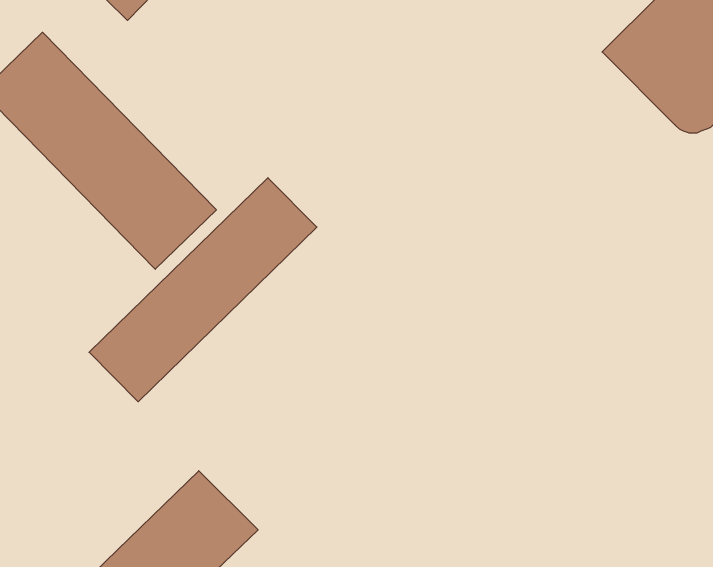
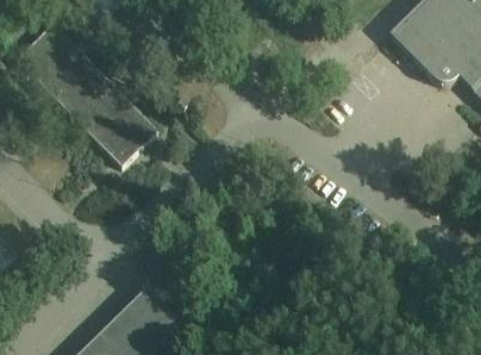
building: [89,178,317,402] -> none

